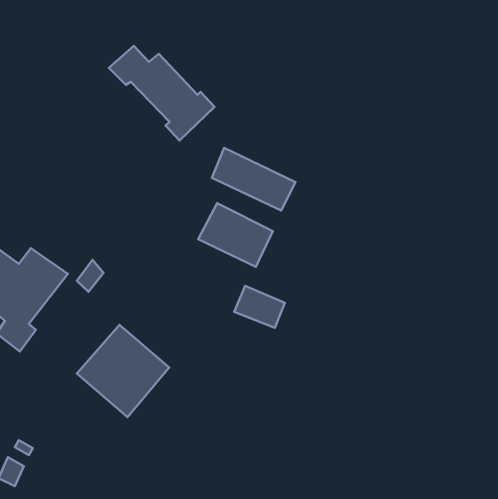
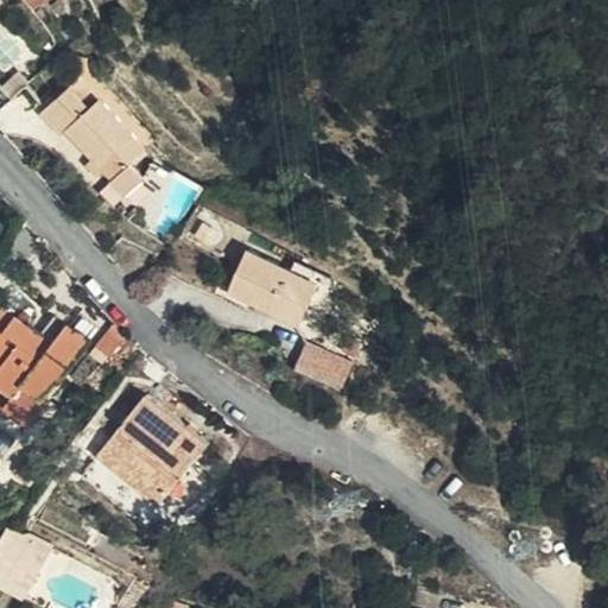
building: [109,46,214,141] -> [36,84,162,197]
building: [212,148,295,210] -> none

